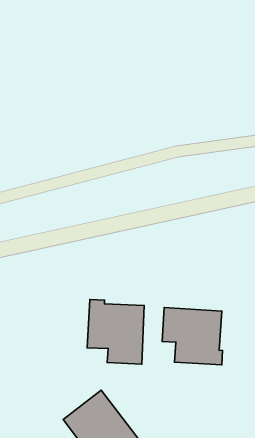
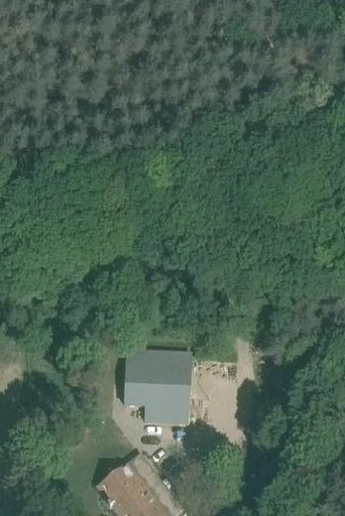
building: [162,307,223,365] -> none

